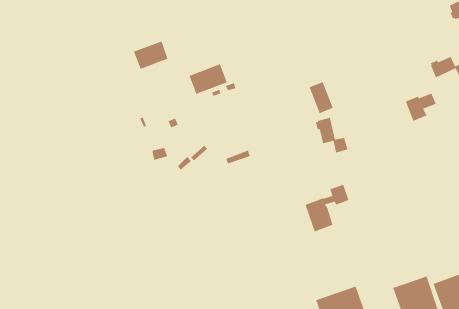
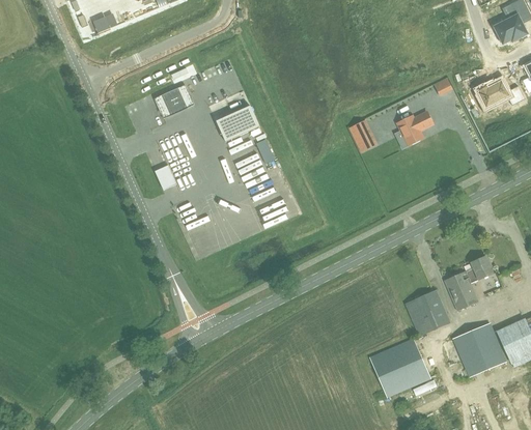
building: [405,93,437,122] -> [397,111,432,144]
building: [315,117,348,154] -> none
building: [304,184,349,233] -> [444,255,493,310]
building: none -> [406,289,450,335]

